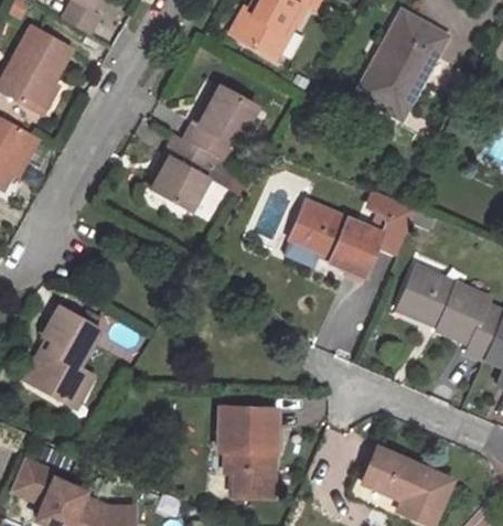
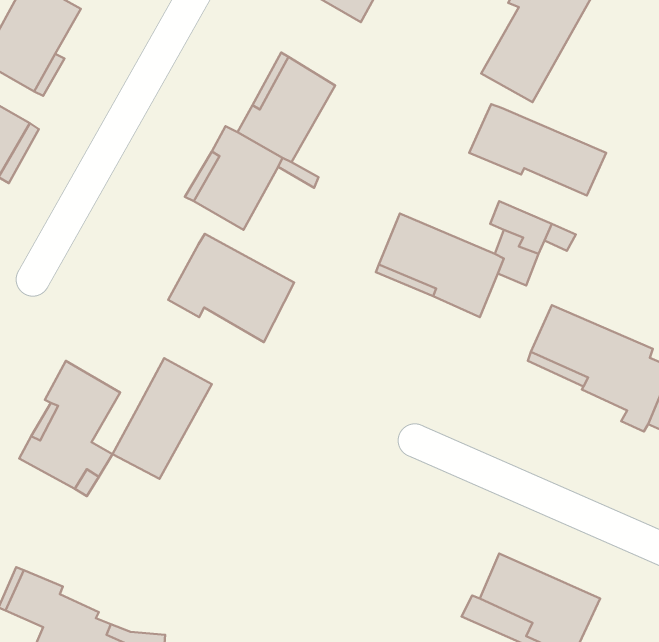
building: none -> [469,104,606,195]
building: none -> [168,234,294,342]
building: none -> [112,358,212,479]
building: [221,407,275,493] -> none

